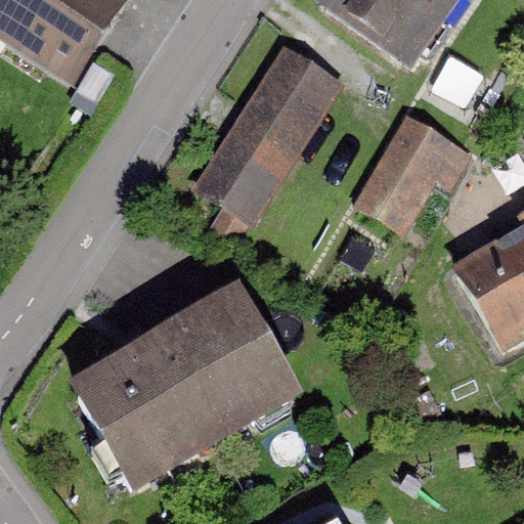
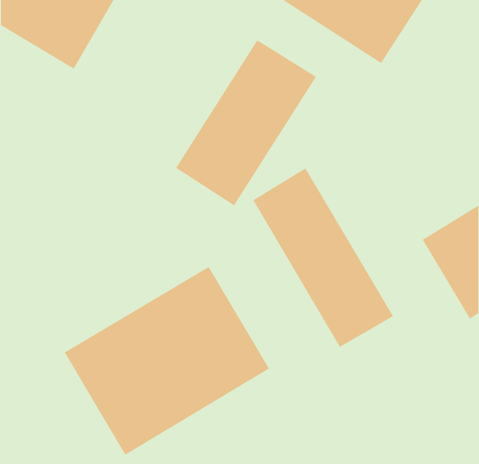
building: [352,112,476,233] -> none
building: none -> [252,168,394,348]

